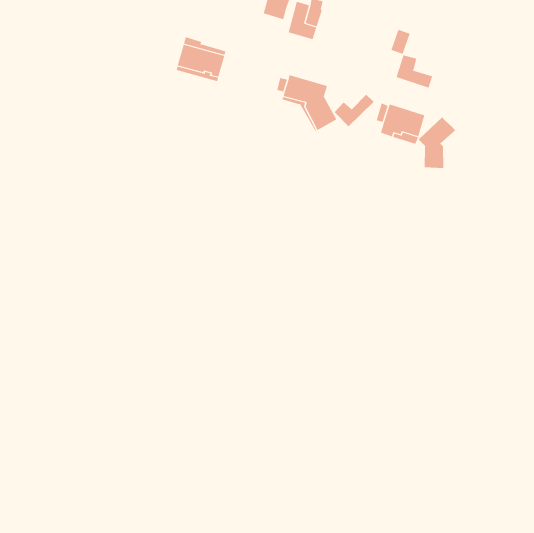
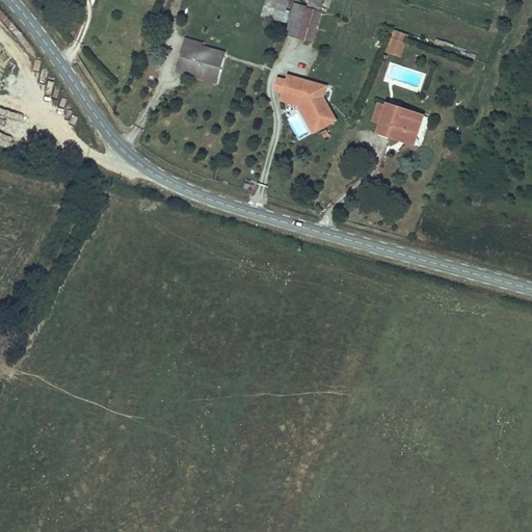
building: [396,54,433,89] -> none
building: [334,94,375,127] -> none
building: [418,117,456,169] -> none

